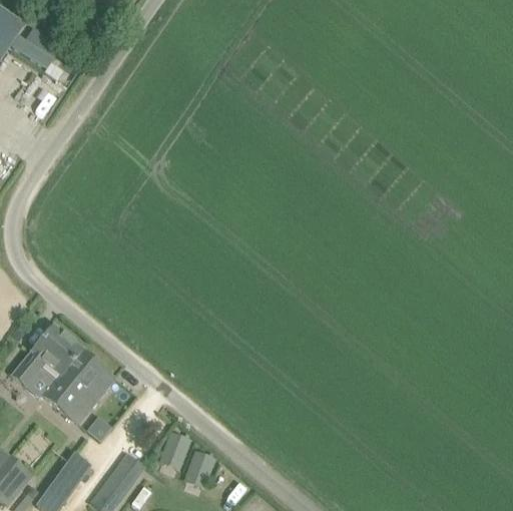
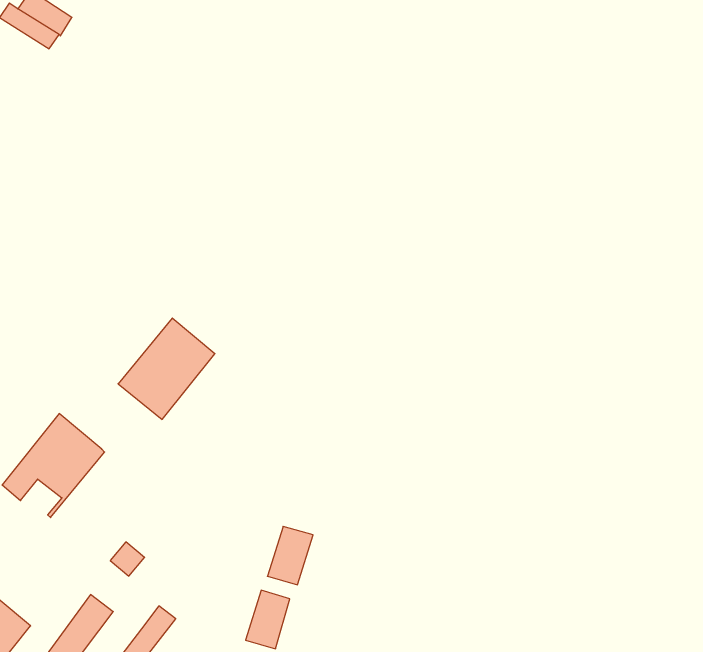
building: [46,353,114,424] -> [118,318,215,419]
building: [160,433,192,474] -> [267,526,313,585]

